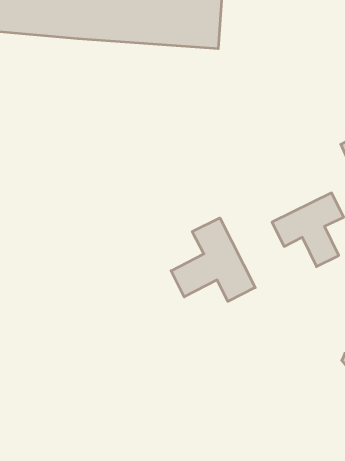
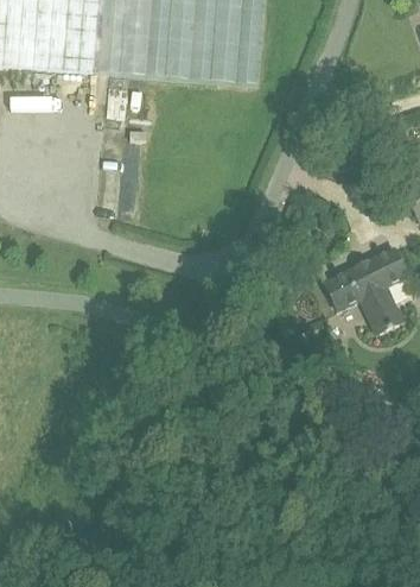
building: [171,218,255,301] -> none

